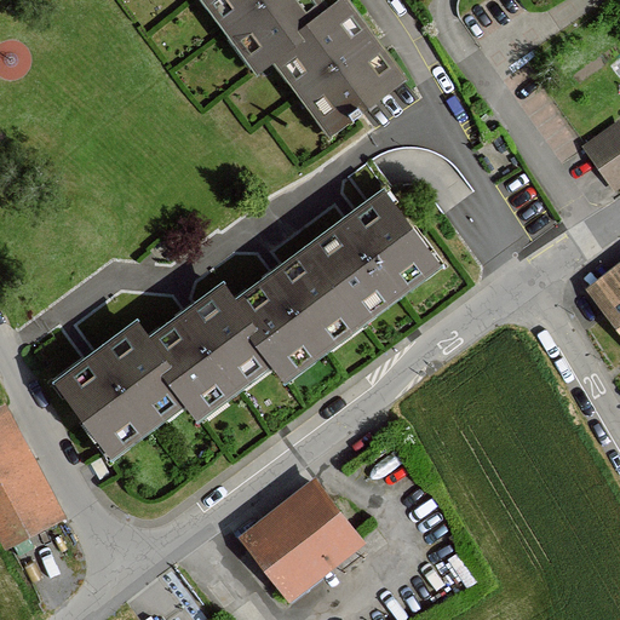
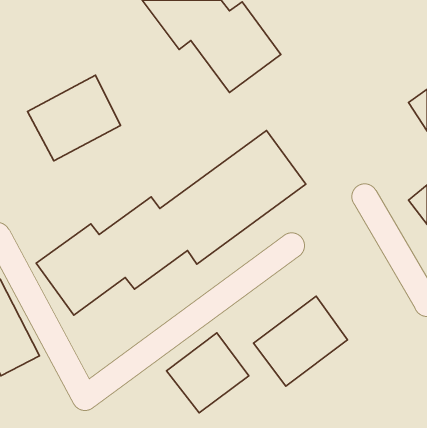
building: none -> [27,75,121,161]
building: none -> [253,296,347,386]

